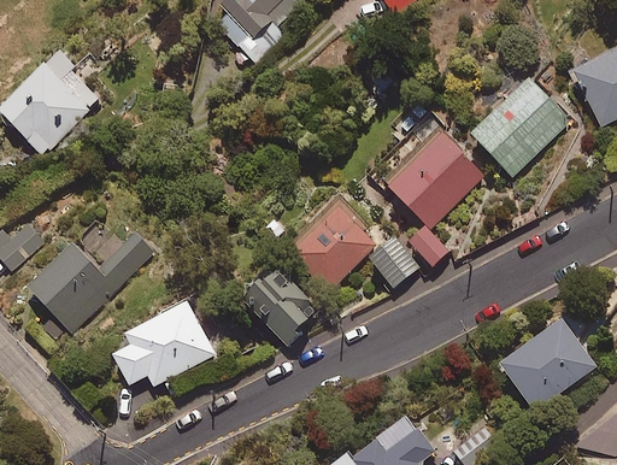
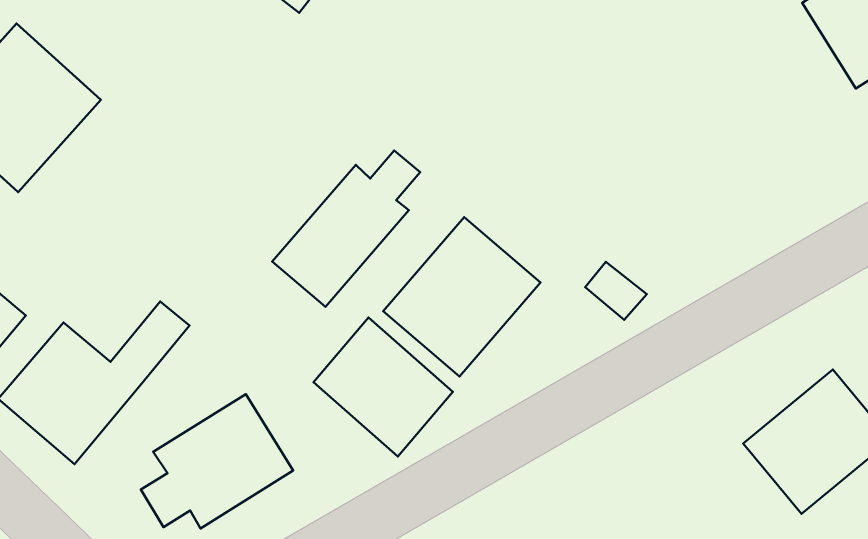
building: [466,77,570,182] -> none
building: [381,120,489,229] -> none
building: none -> [272,151,420,307]
building: [370,240,417,288] -> none

